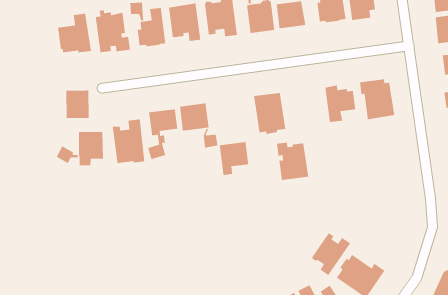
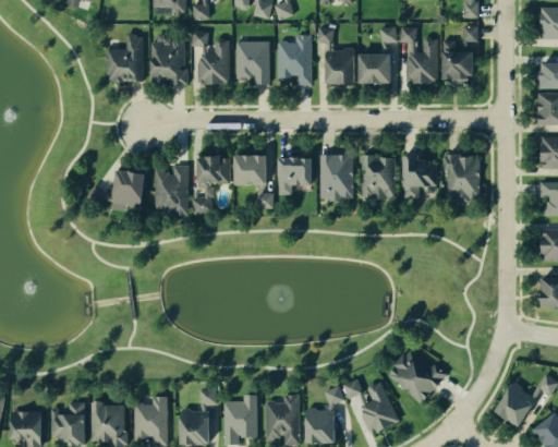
building: [66,90,90,119] -> none
building: [219,141,249,176] -> [279,158,311,194]
building: [276,142,309,181] -> [362,154,395,197]
building: [312,232,351,276] -> none

